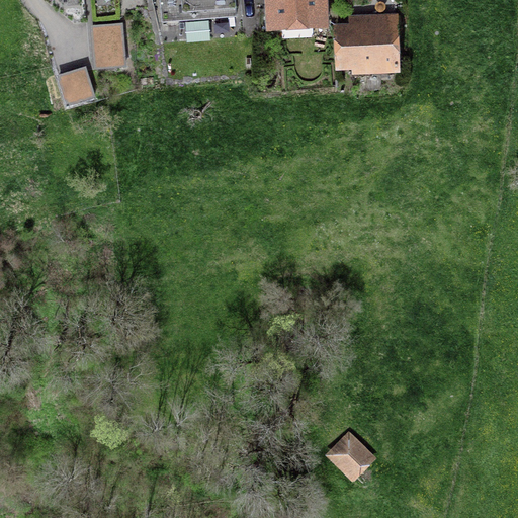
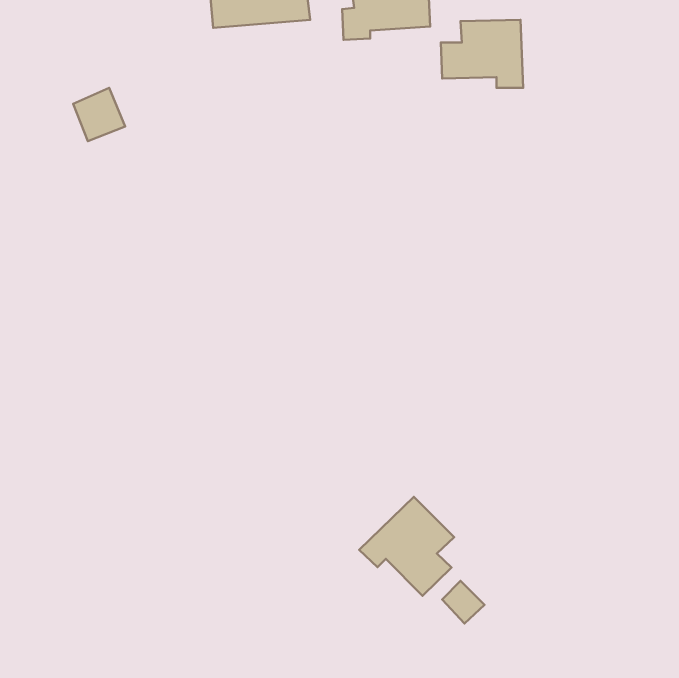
building: [91,23,124,65] -> none
building: none -> [359,497,454,596]

